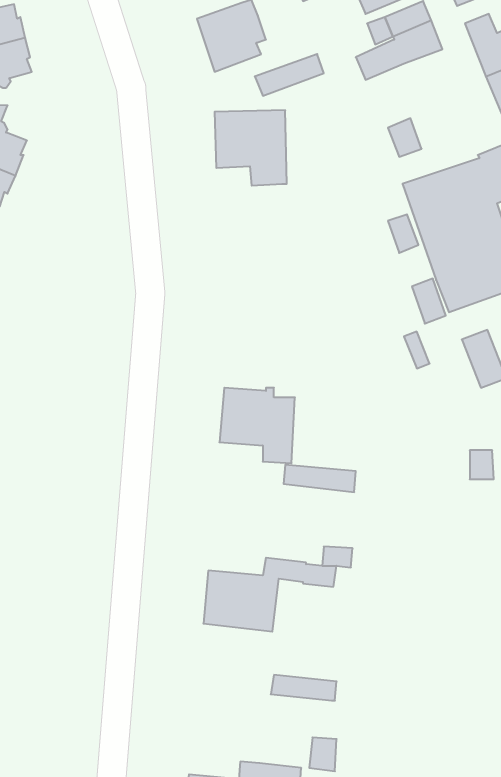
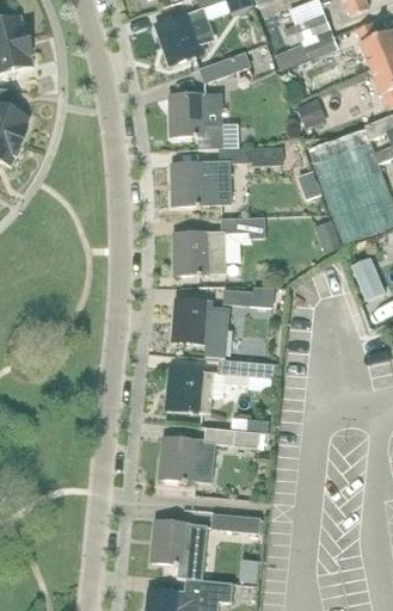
building: none -> [170,147,282,205]
building: none -> [173,216,264,274]
building: none -> [222,286,274,307]
building: none -> [167,366,215,412]
building: none -> [152,518,207,579]

